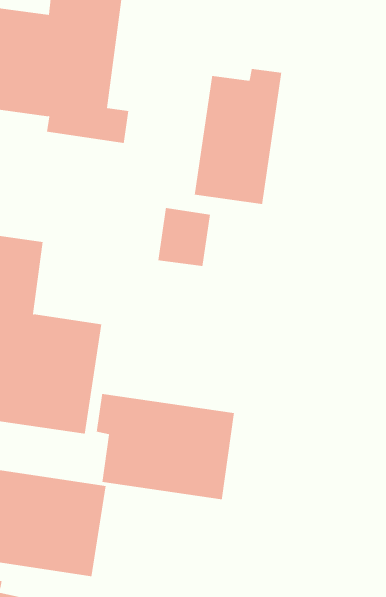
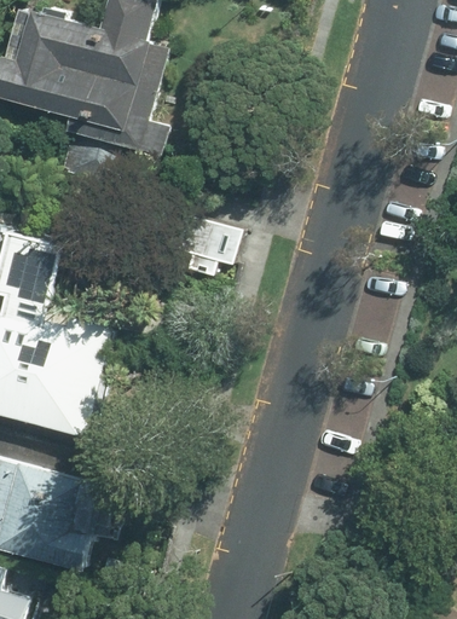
building: [194,68,282,205] -> none
building: [96,393,234,500] -> none

